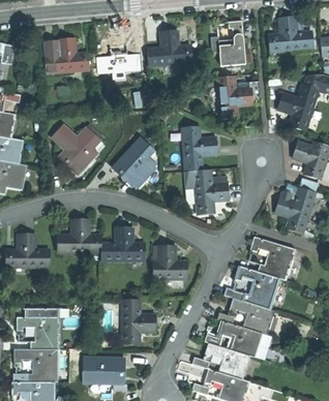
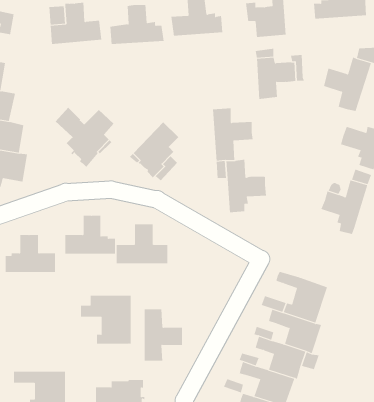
building: [250,236,295,280] -> none
building: [153,244,188,277] -> none
building: [17,309,60,350] -> [80,295,131,344]

